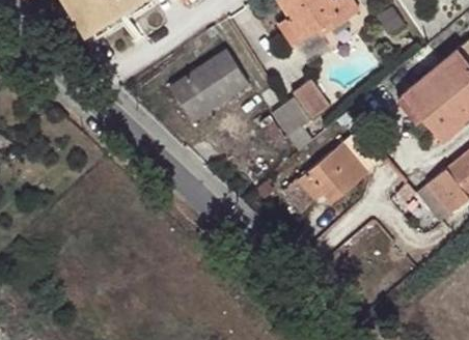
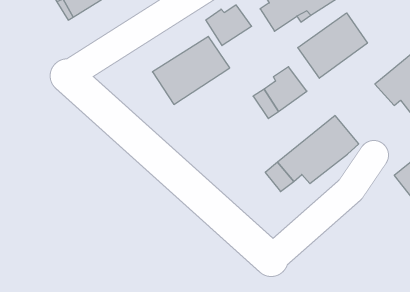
building: none -> [206,5,252,46]
building: none -> [298,13,367,78]

